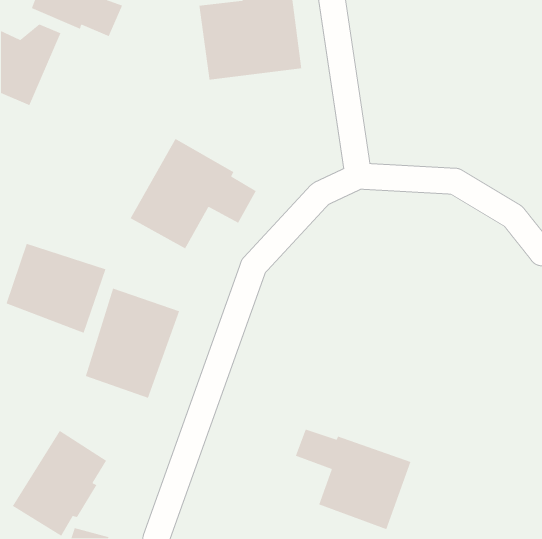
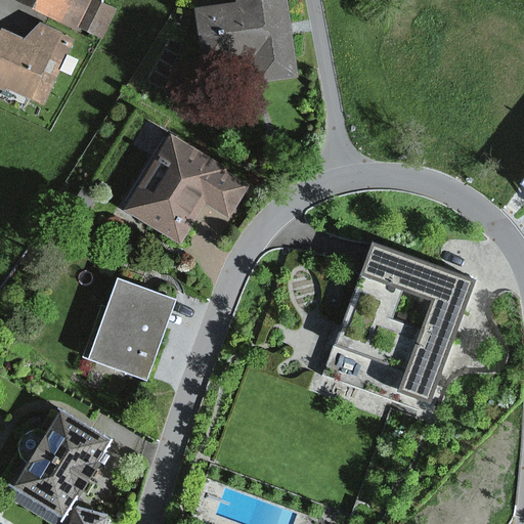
building: [5,243,106,334] -> none
building: none -> [331,243,480,405]
building: [295,429,411,530] -> none

